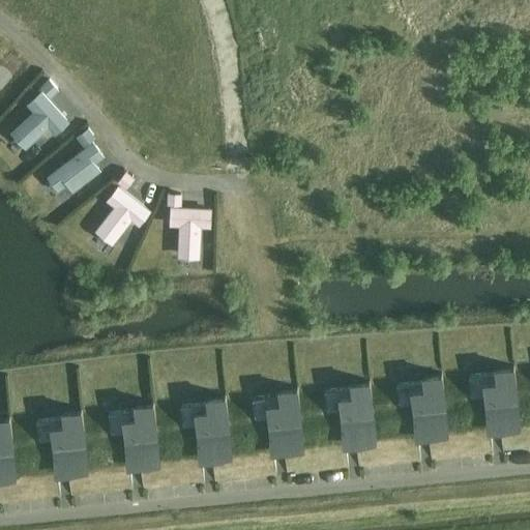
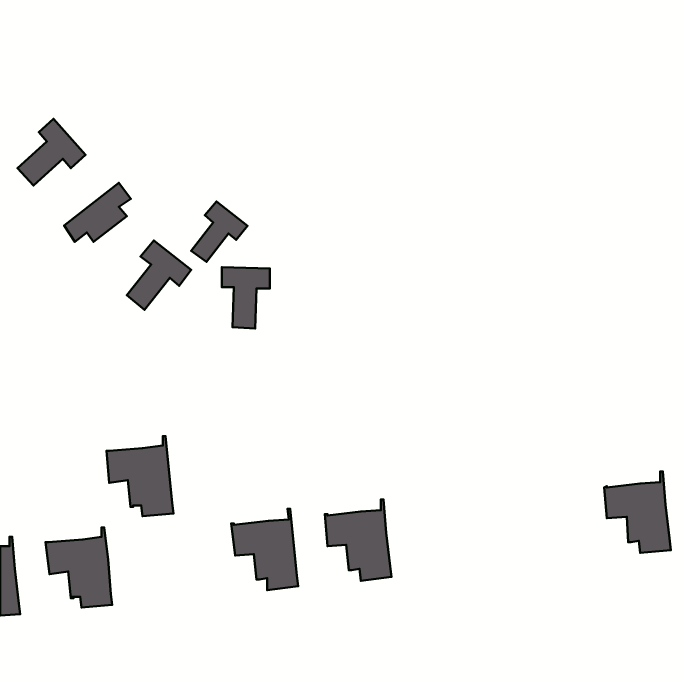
building: none -> [191,201,248,262]
building: [395,374,447,437] -> none
building: [324,381,375,444] -> none
building: [108,403,159,465] -> [107,436,173,516]

